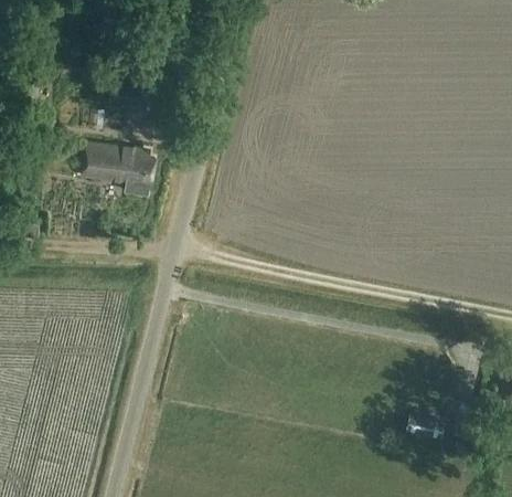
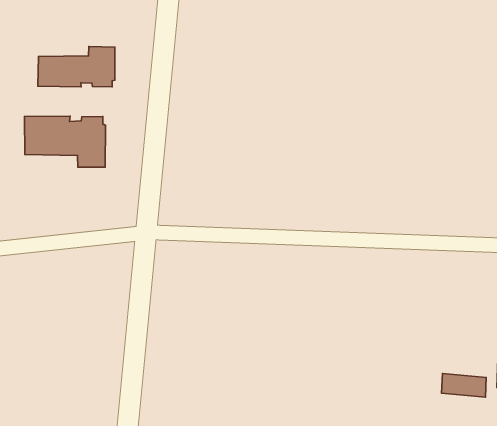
building: none -> [38,47,115,87]

